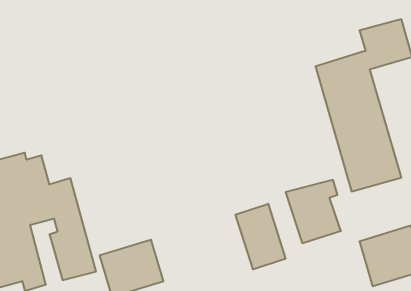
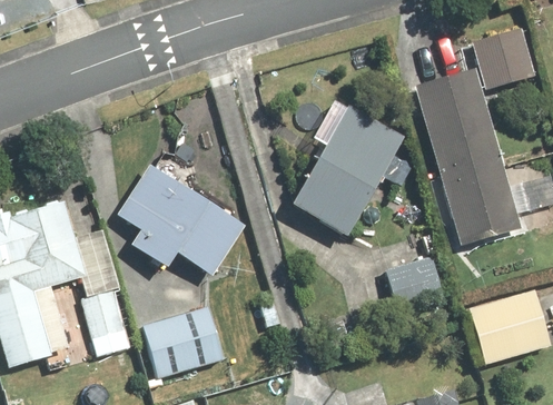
building: none -> [292,99,407,237]
building: none -> [116,165,245,278]
building: [236,204,286,269] -> none

